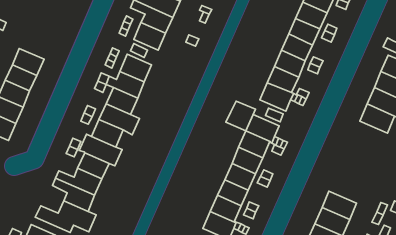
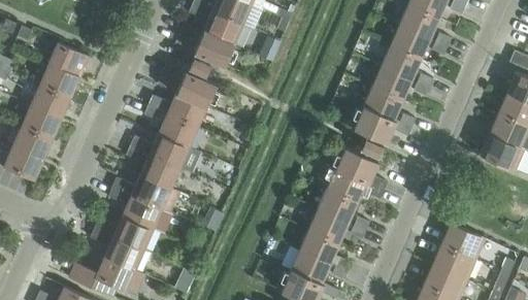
building: none -> [47,41,89,76]
building: [226,101,255,131] -> none
building: none -> [440,222,485,259]

